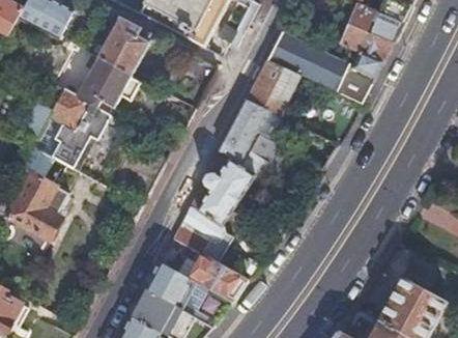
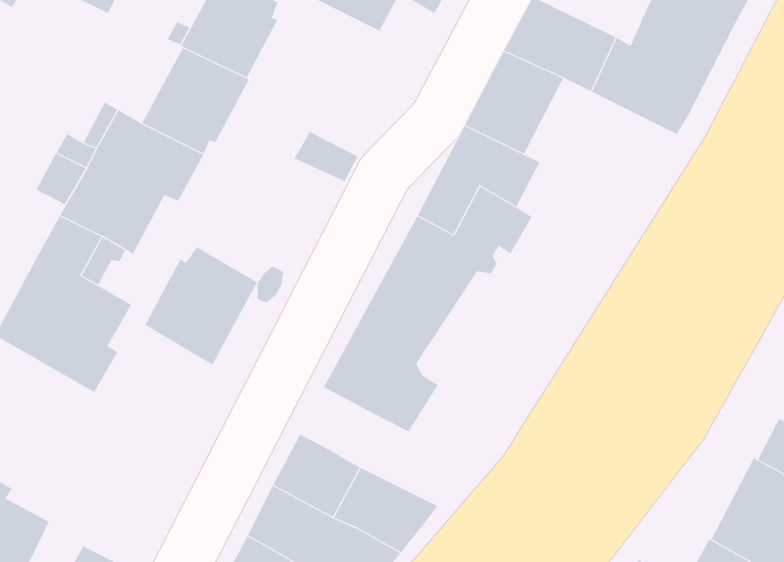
building: none -> [144,247,258,365]
building: [188,253,250,301] -> none

